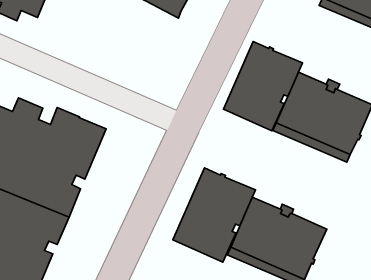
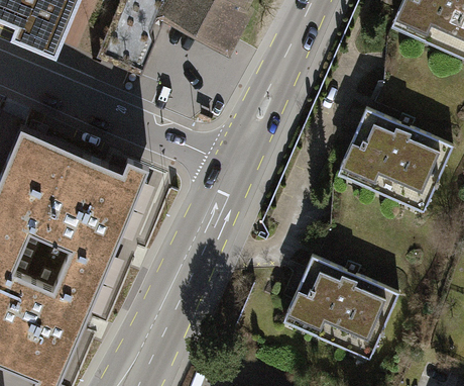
building: [224,41,303,131] -> none
building: [173,168,255,262] -> none

